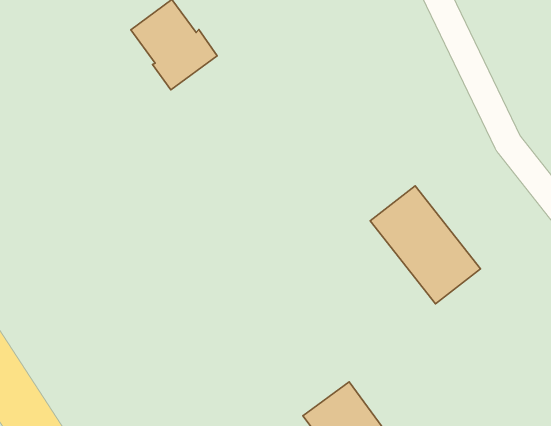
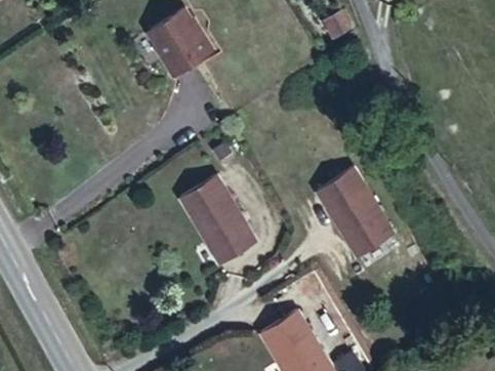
building: none -> [180,174,257,261]

